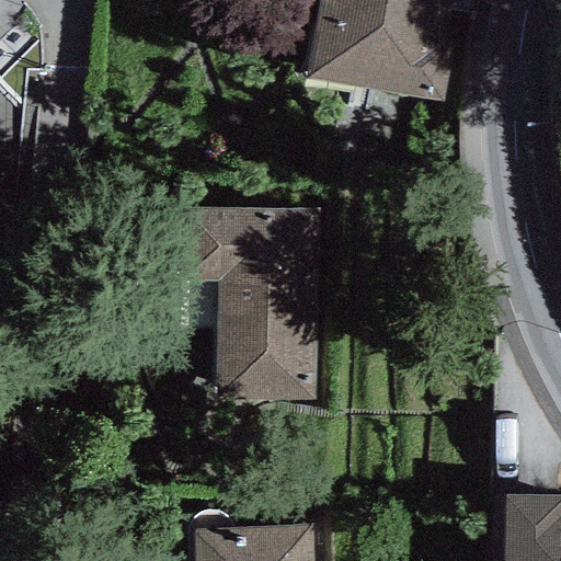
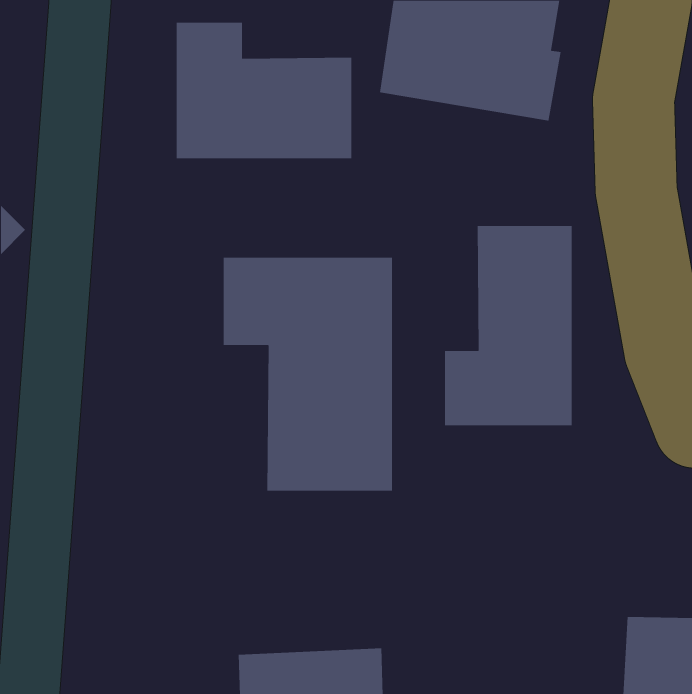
building: none -> [176,22,352,159]
building: none -> [444,225,572,426]

